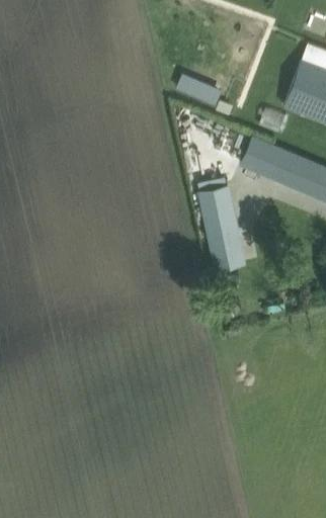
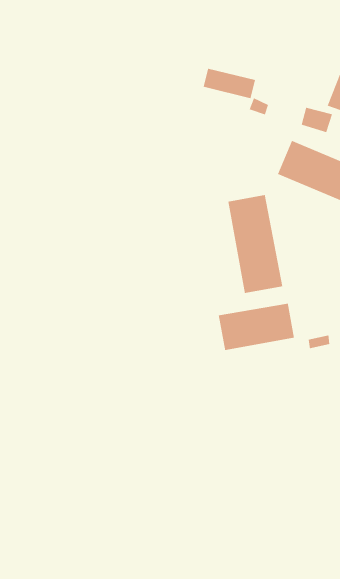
building: none -> [218,303,294,351]

